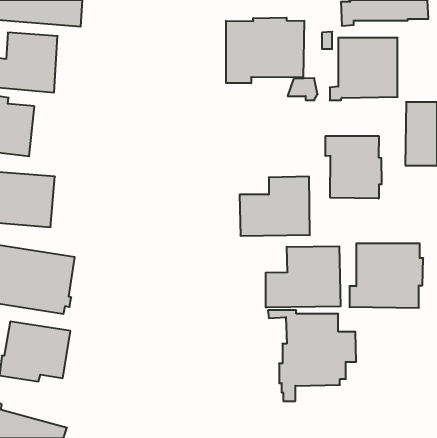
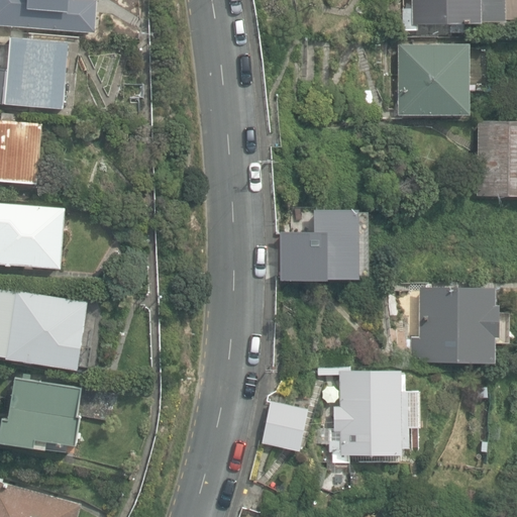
building: [226,18,304,83] -> none
building: [325,136,382,199] -> none
building: [266,246,340,308] -> none
building: none -> [262,401,307,449]

